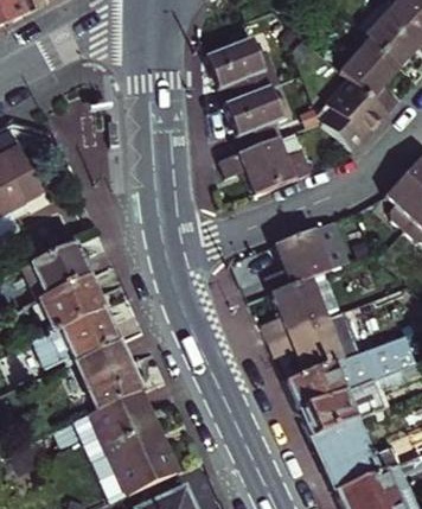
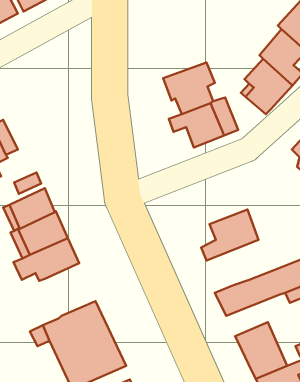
building: [206,40,276,102] -> none
building: [273,218,353,290] -> none
building: [276,310,358,368] -> none
building: [69,339,134,407] -> none
building: [301,380,373,433] -> none

